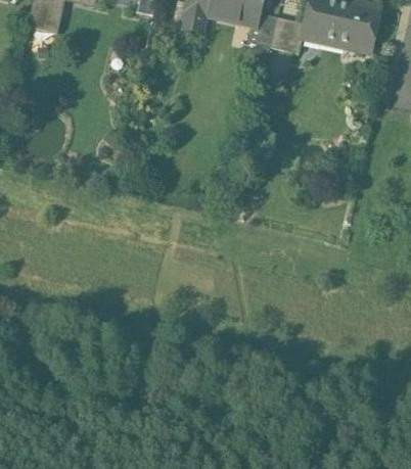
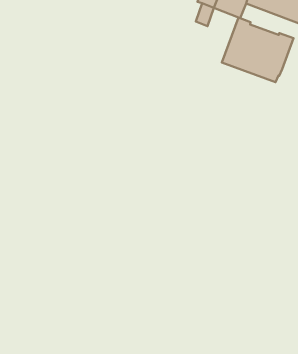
building: none -> [222,17,294,82]

